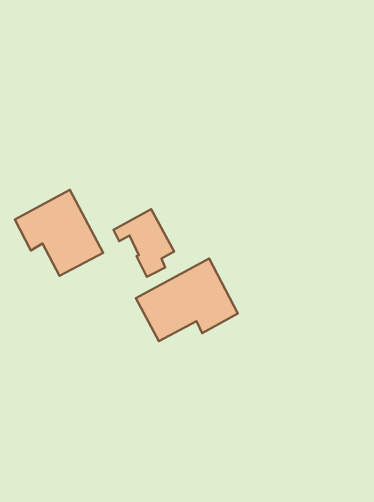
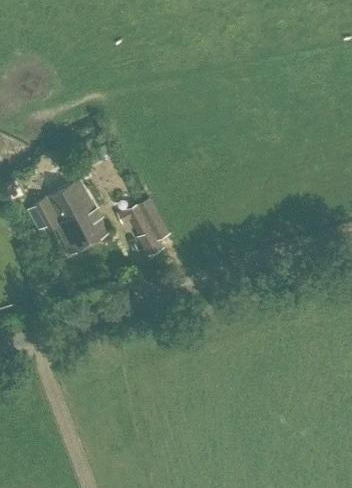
building: [136,259,238,341] -> none

